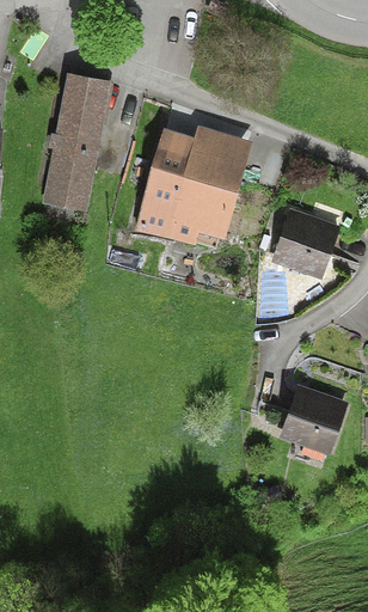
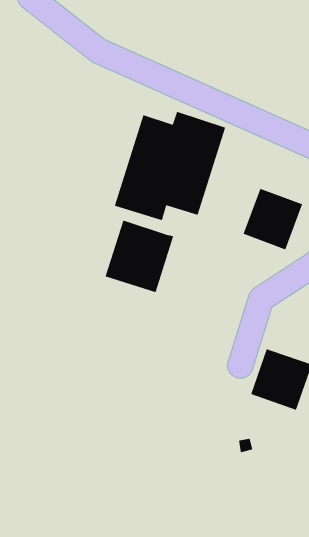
building: [41,73,112,214] -> none
building: none -> [105,220,174,293]

